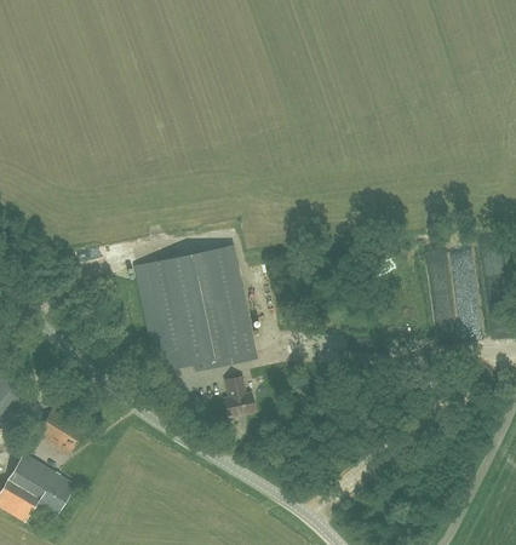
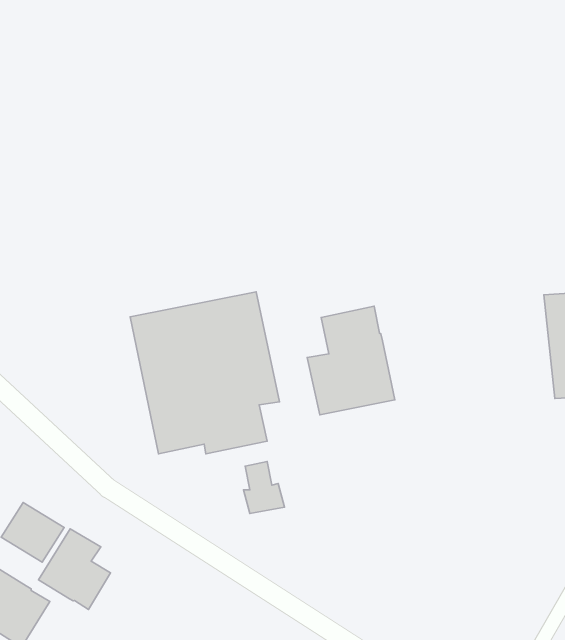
building: none -> [307,306,395,415]
building: none -> [38,529,111,609]

